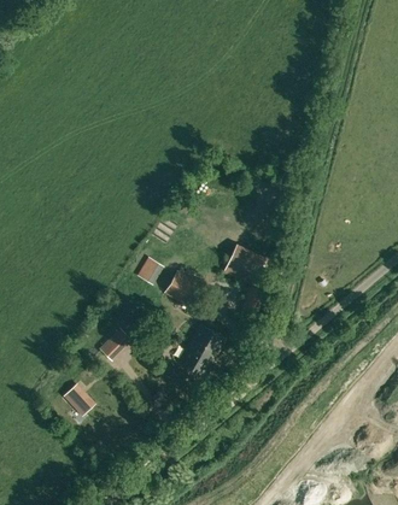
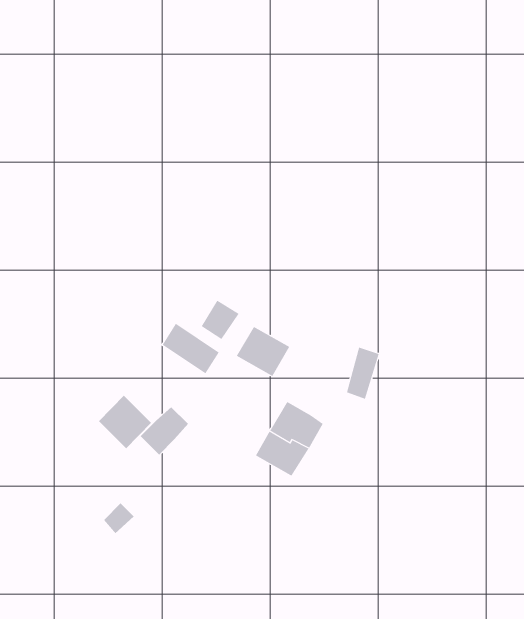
building: [223,243,263,283] -> none
building: none -> [162,323,220,374]
building: none -> [98,395,152,449]

